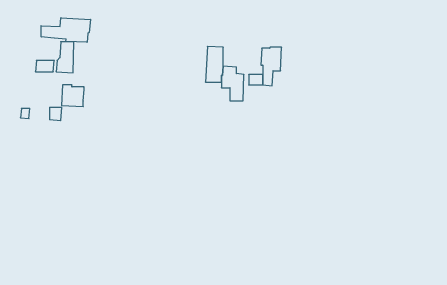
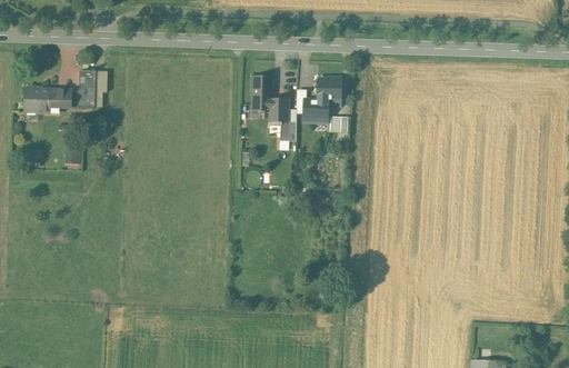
building: [41,18,91,42] -> none
building: [62,85,84,107] -> [24,87,51,112]

